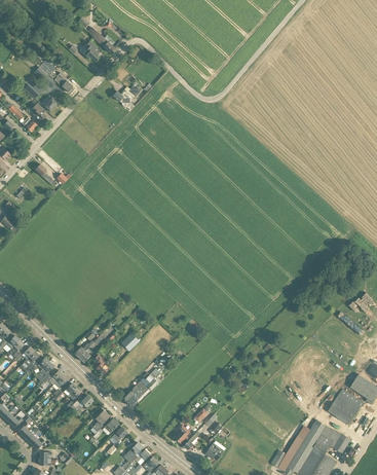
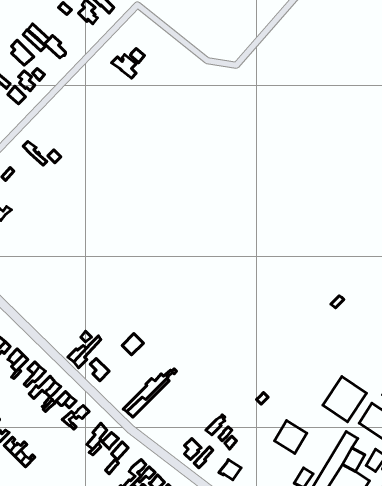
building: none -> [323,376,366,422]
building: none -> [274,421,307,453]

